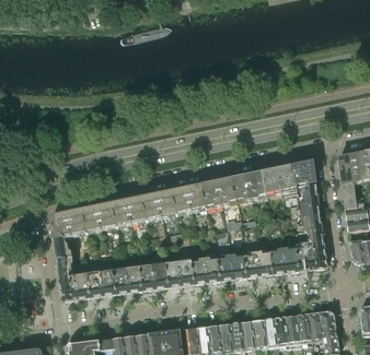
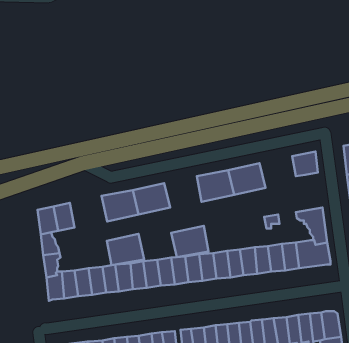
building: [259,165,294,194] -> none
building: [292,180,319,217] -> none
building: [170,184,205,213] -> [171,226,208,257]
building: [81,202,116,232] -> [107,234,144,265]

